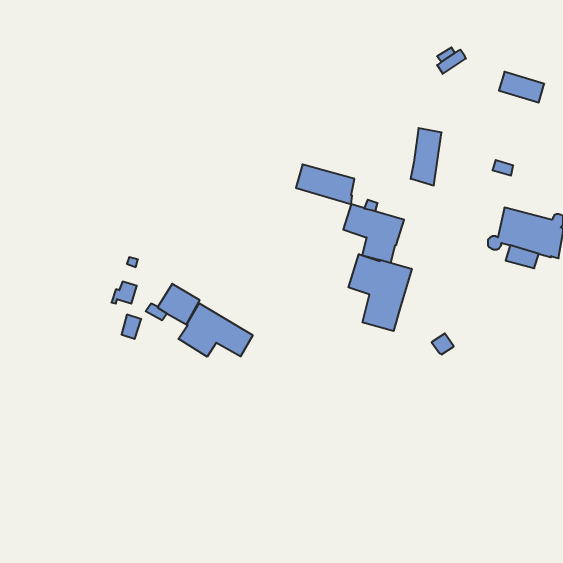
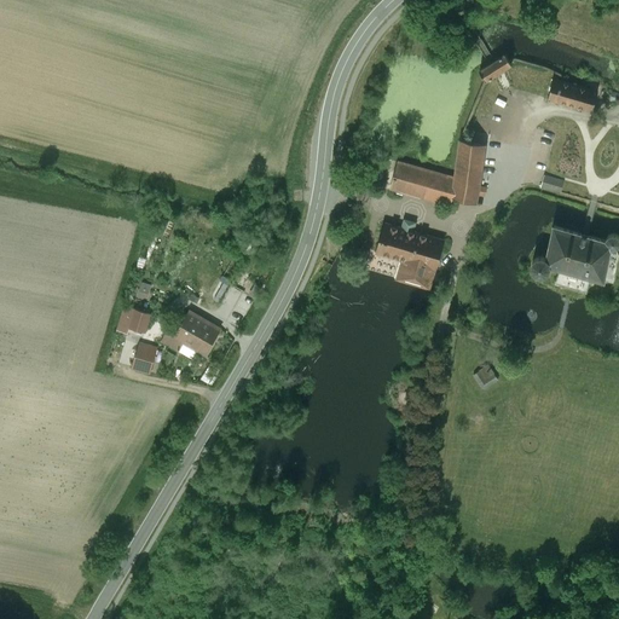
building: [296,164,354,204] -> [389,163,453,207]
building: [348,254,412,331] -> none
building: [178,303,253,357] -> none

